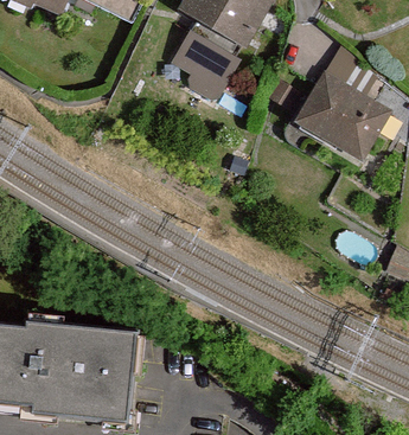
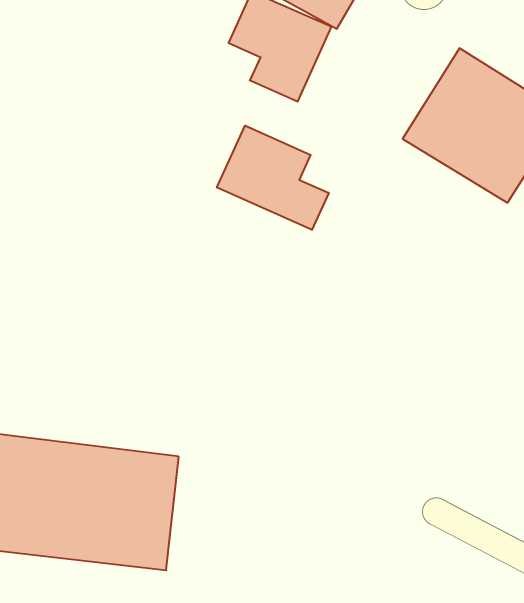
building: none -> [217,126,329,230]

